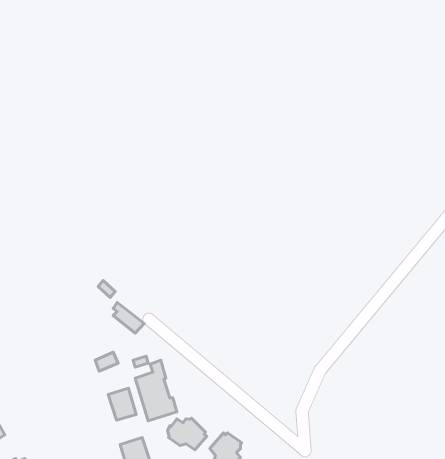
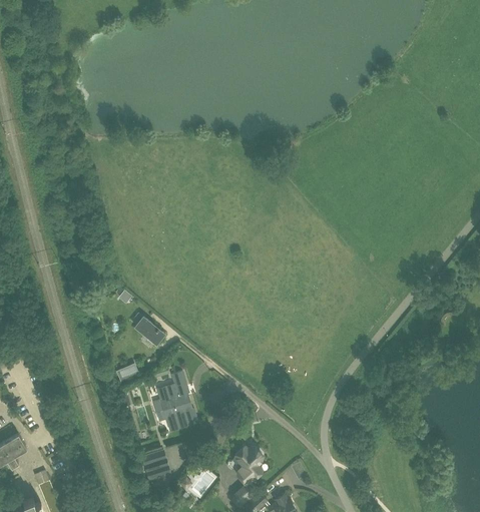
building: [108,388,136,420] -> none
building: [167,418,207,450] -> none

